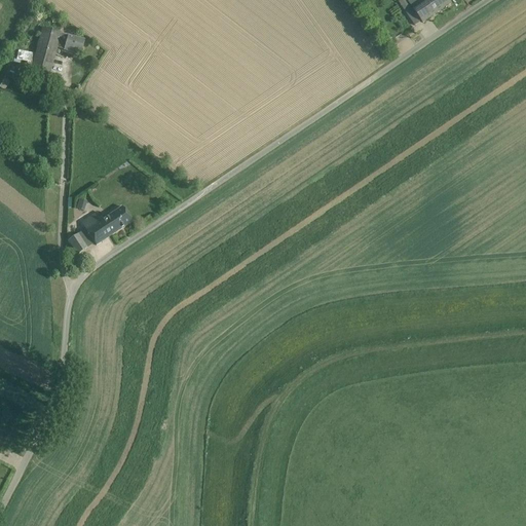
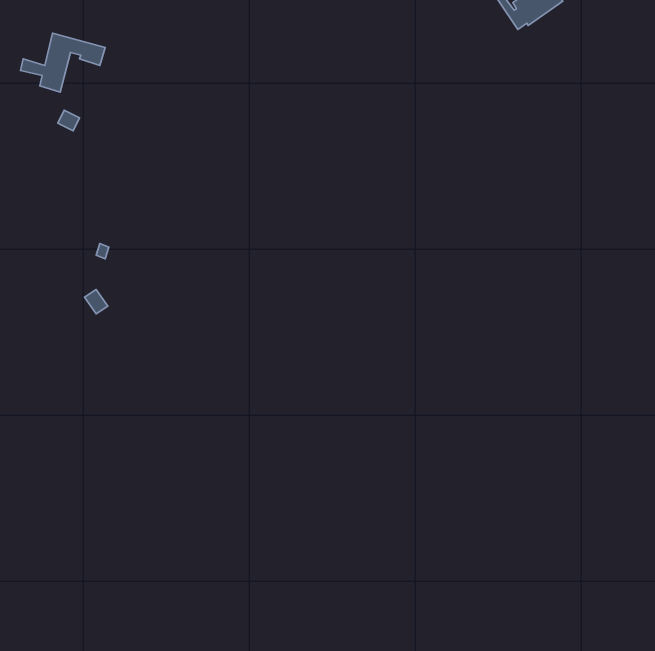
building: [80,204,132,242] -> none

